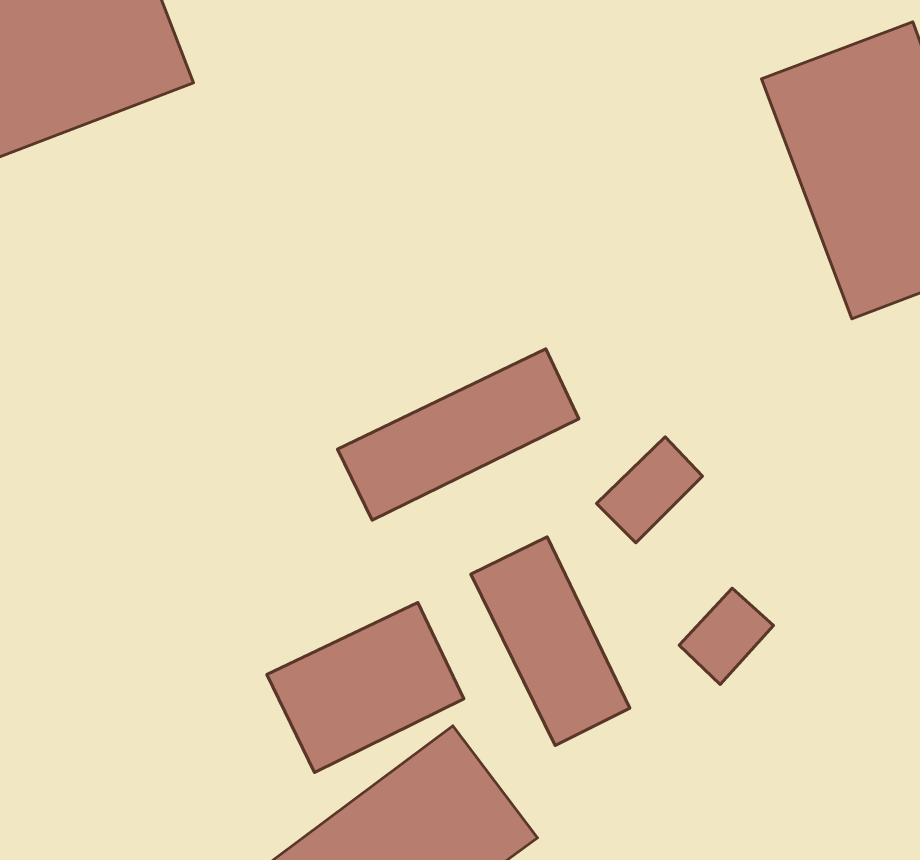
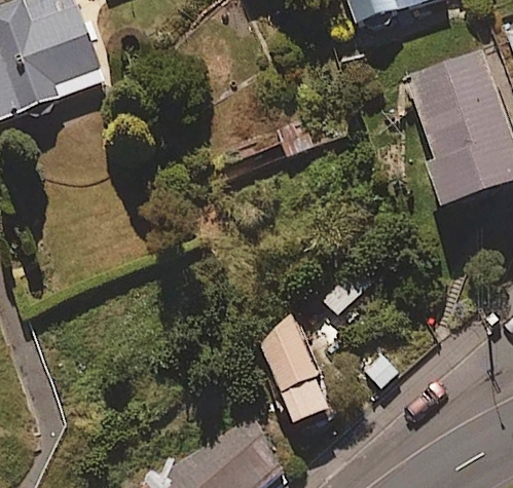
building: [338,349,579,520] -> none
building: [267,603,464,772] -> none

